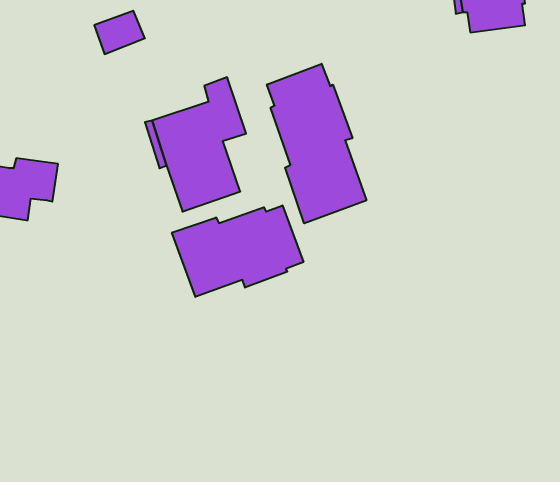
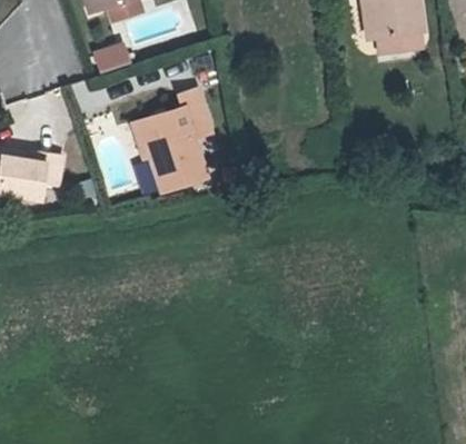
building: [267,64,366,223] -> none
building: [172,205,303,297] -> none

